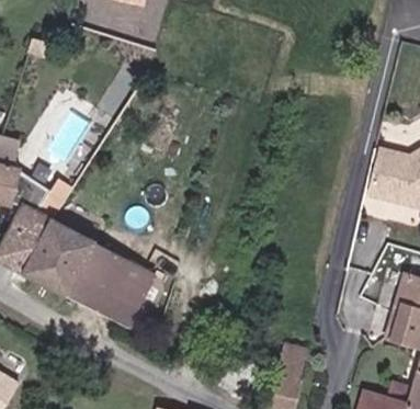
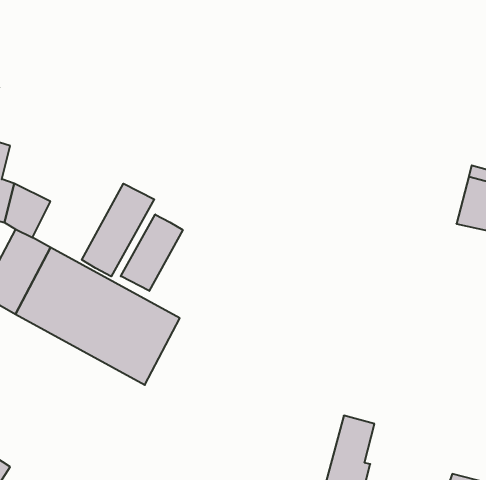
building: none -> [82,184,154,276]
building: none -> [121,214,183,291]

